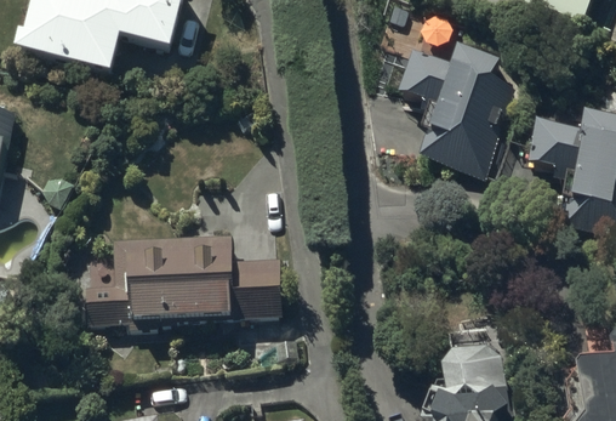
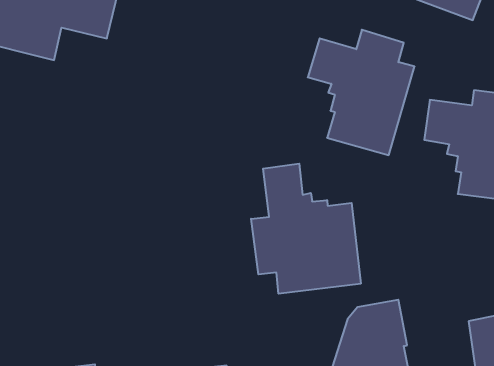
building: none -> [251,164,361,294]
building: [86,237,280,324] -> none

